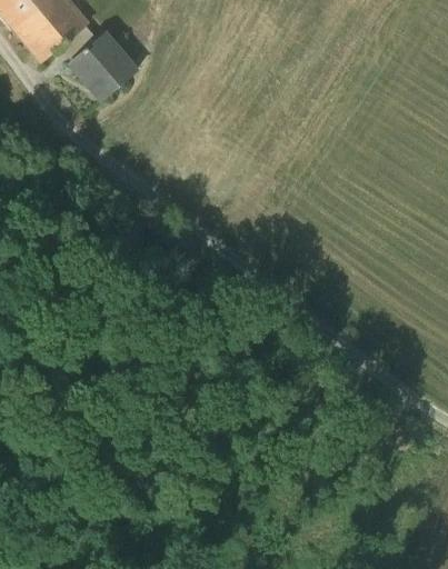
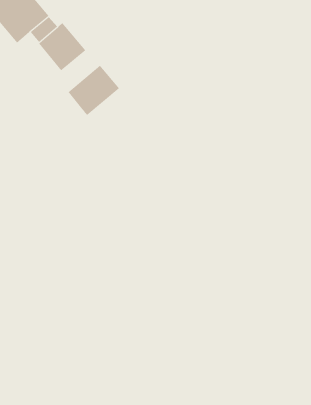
building: none -> [68,65,120,116]

